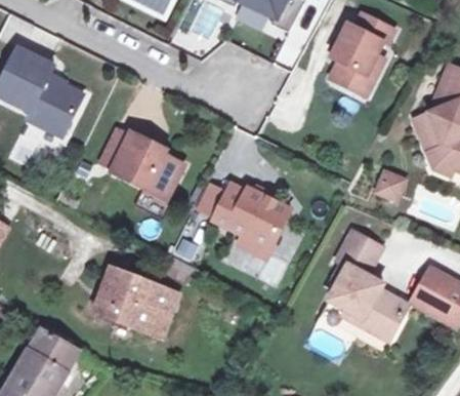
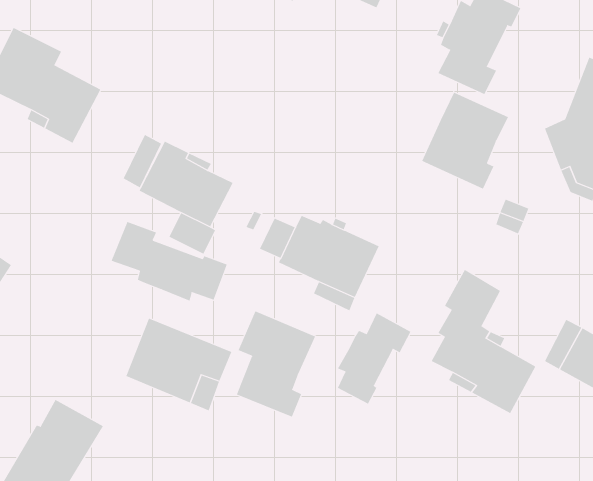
building: none -> [421,92,509,190]
building: none -> [111,221,227,302]
building: none -> [236,310,316,418]
building: none -> [337,312,411,404]

